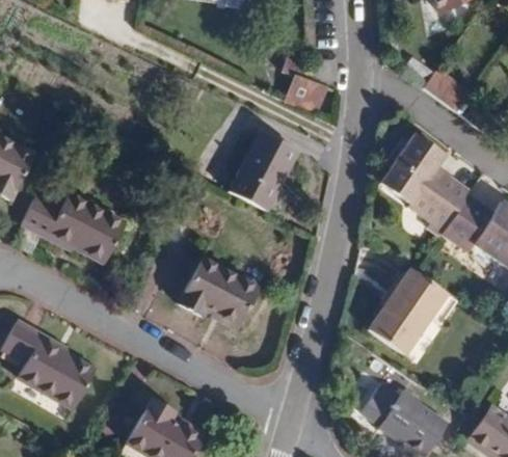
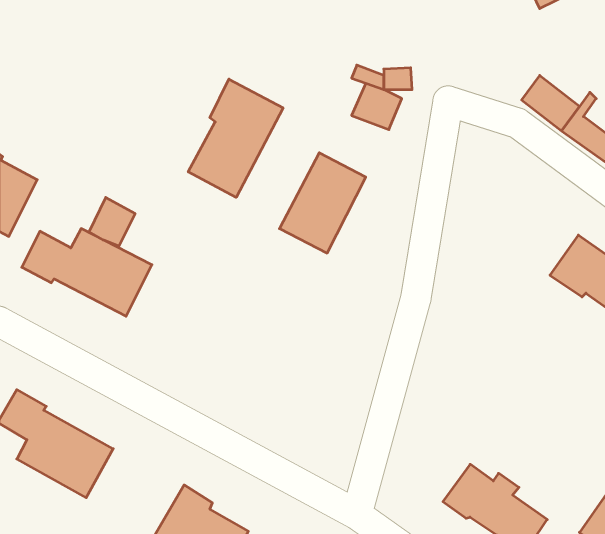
building: none -> [188,79,283,197]
building: [382,135,472,236] -> none
building: none -> [89,197,135,246]
building: [178,257,259,327] -> none
building: [365,267,454,352] -> none

